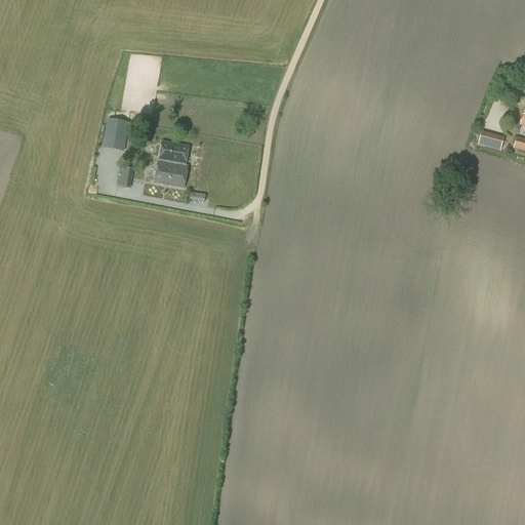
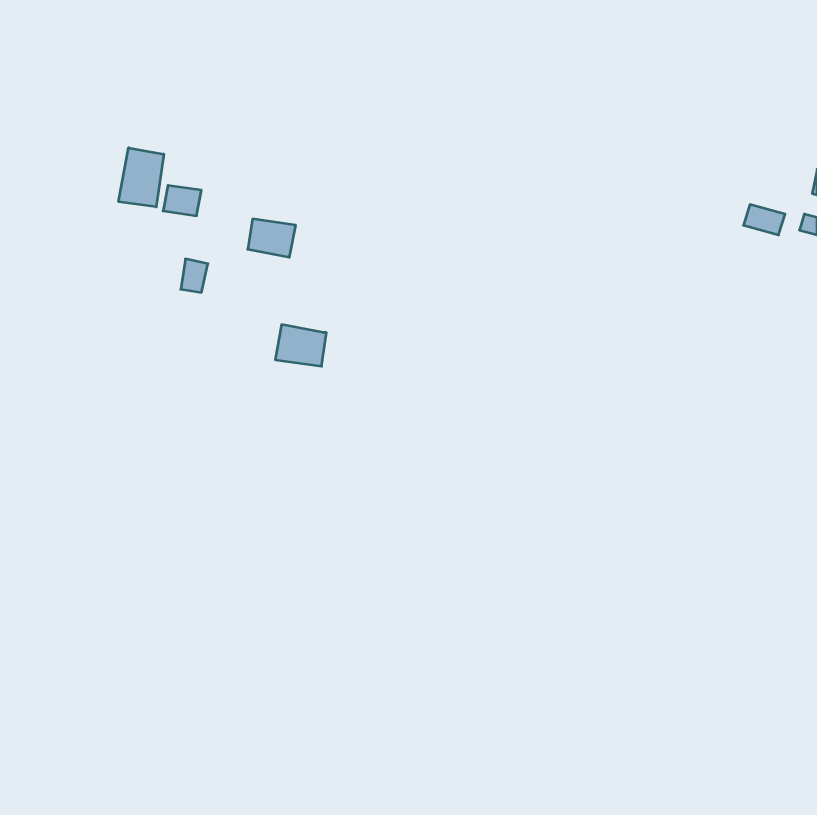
building: none -> [119,148,164,207]
building: [155,160,188,187] -> [275,325,326,366]

